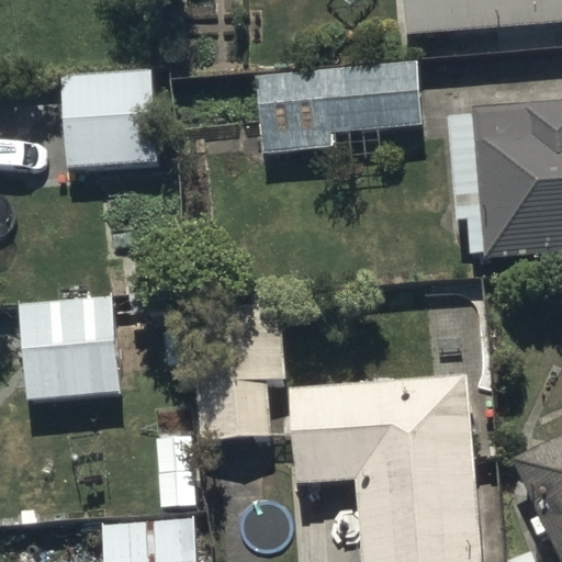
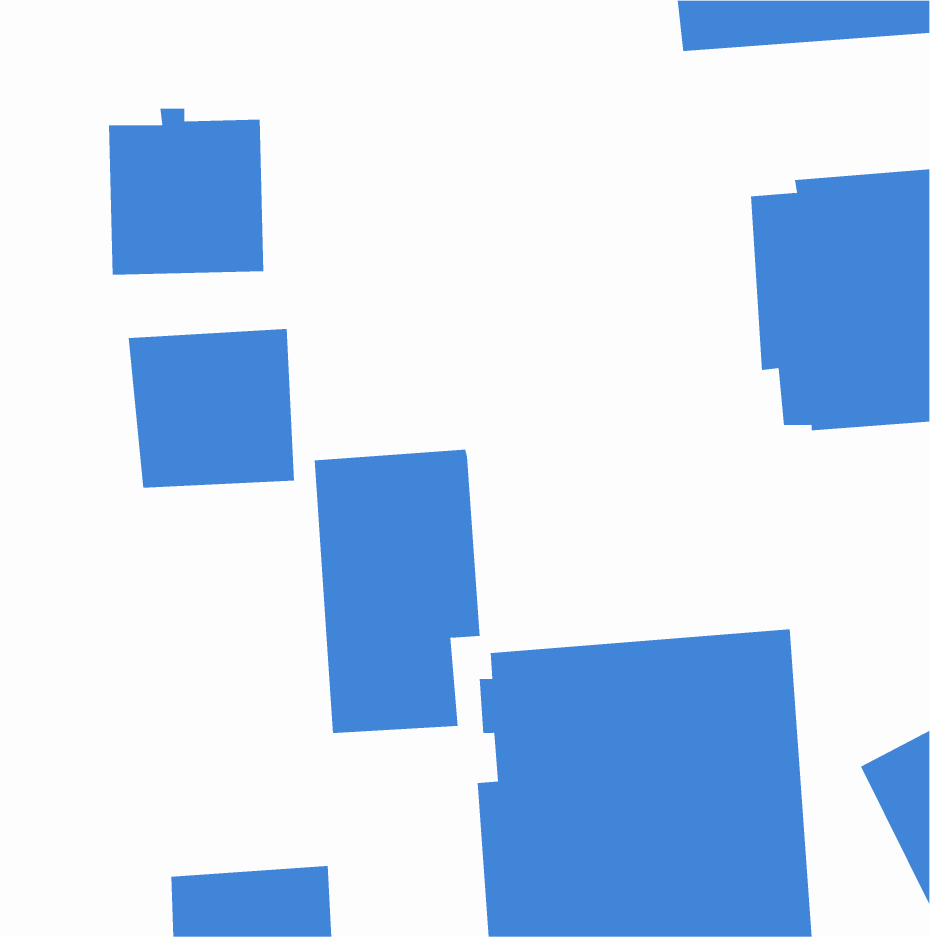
building: [257,63,420,154] -> none
building: [18,302,117,397] -> [128,329,295,488]

